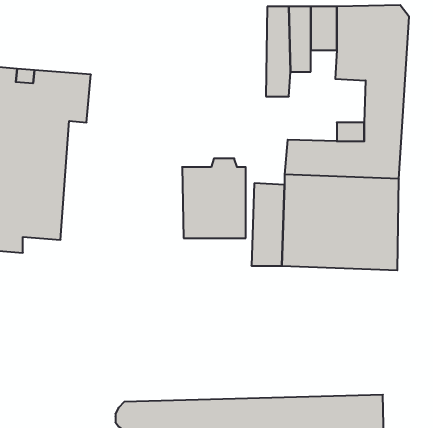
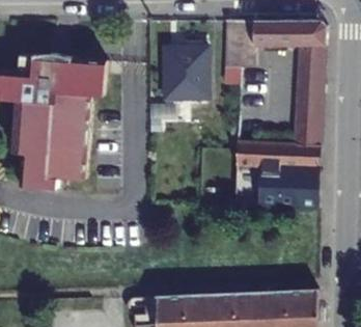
building: [182,158,246,238] -> [168,35,214,92]

